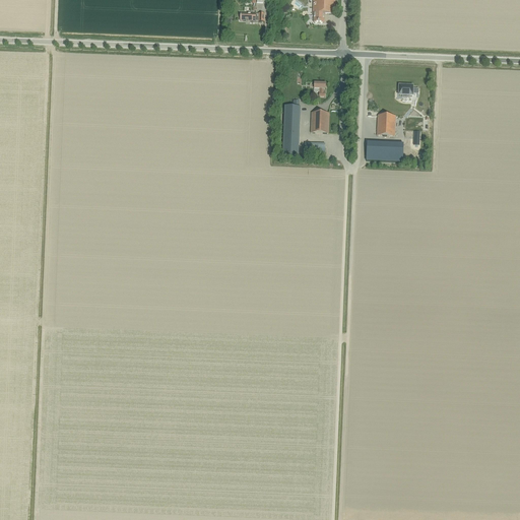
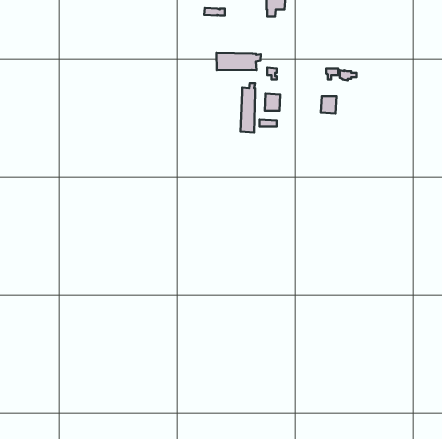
building: none -> [217,53,261,70]
building: [367,140,404,160] -> none

